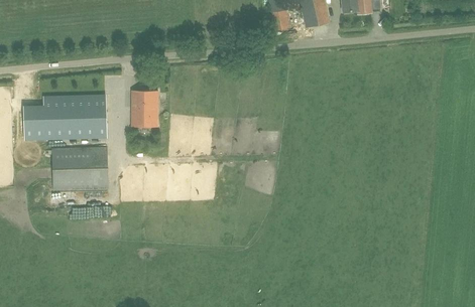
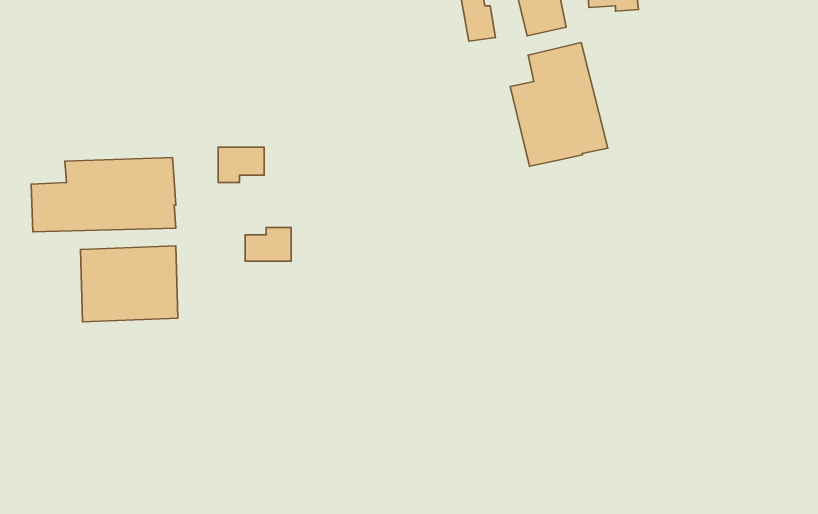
building: none -> [510,43,608,166]
building: [130,107,156,126] -> [245,228,291,261]

